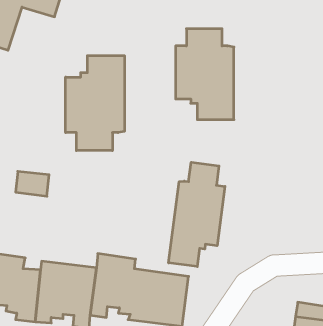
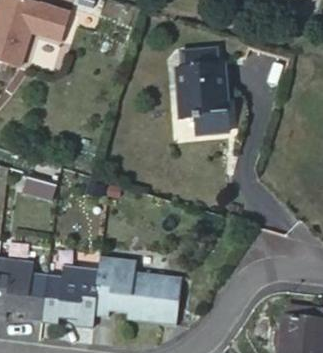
building: [66,56,124,151] -> none
building: [169,162,225,267] -> none

